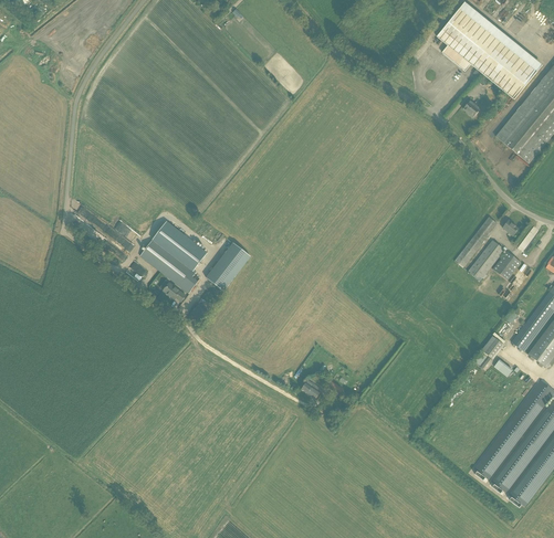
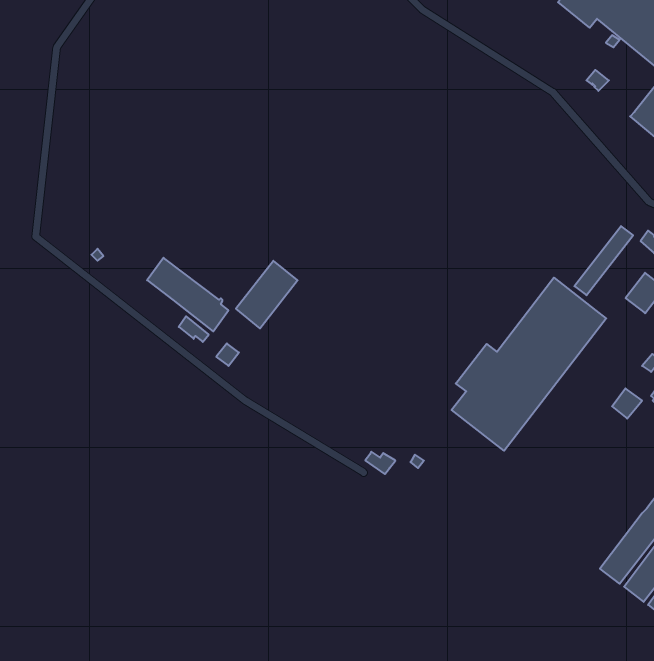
building: [153,220,208,270] -> none
building: [468,239,504,281] -> none
building: none -> [452,278,606,451]

